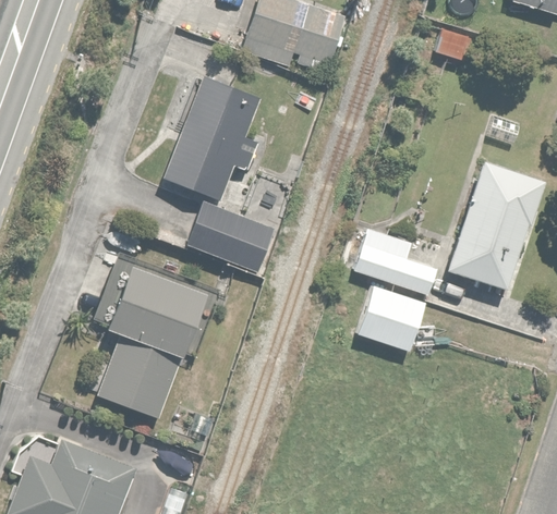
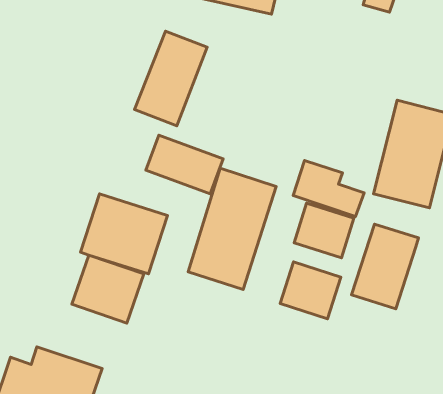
building: none -> [188,168,276,289]
building: none -> [352,224,419,309]
building: none -> [280,262,341,319]

